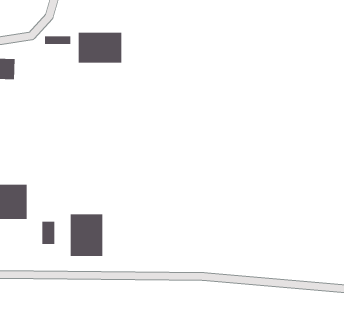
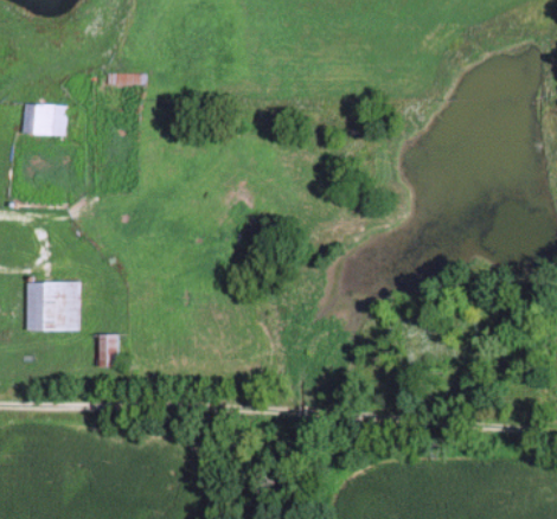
building: [78,32,122,63] -> none
building: [70,214,103,257] -> none

